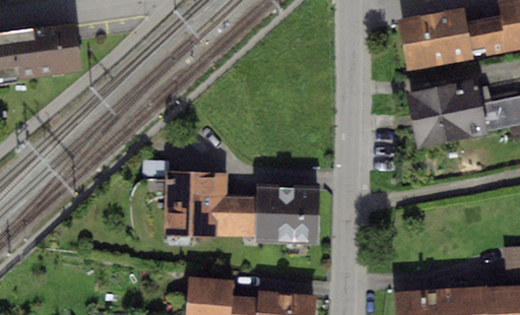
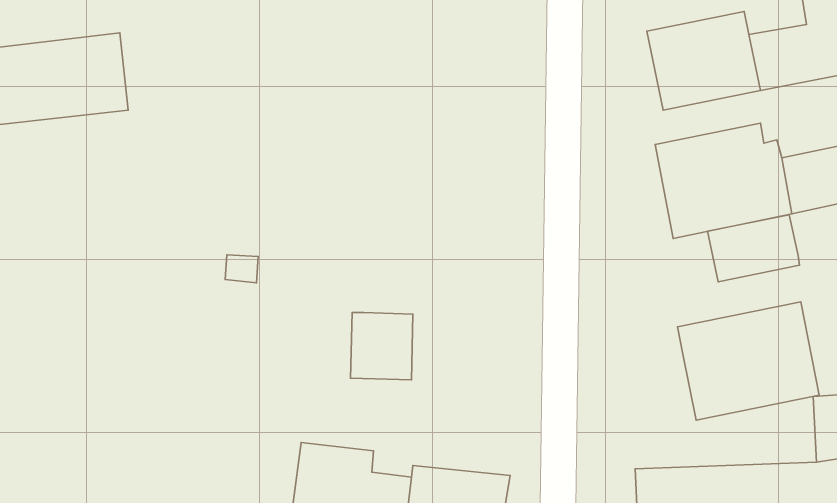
building: none -> [708,215,800,282]
building: [165,174,228,236] -> none
building: [256,186,319,244] -> none
building: none -> [678,302,819,420]

